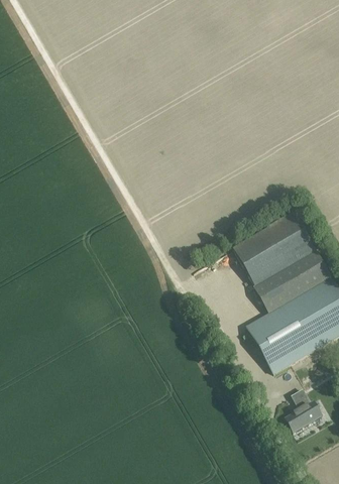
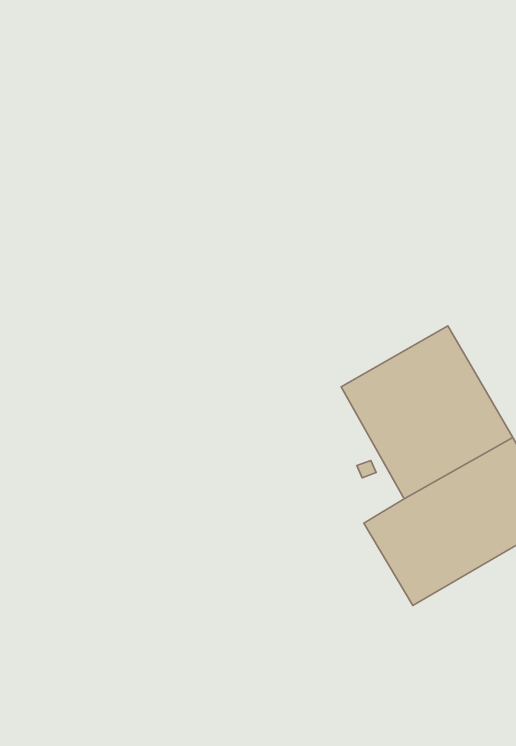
building: [285,389,321,432] -> none

